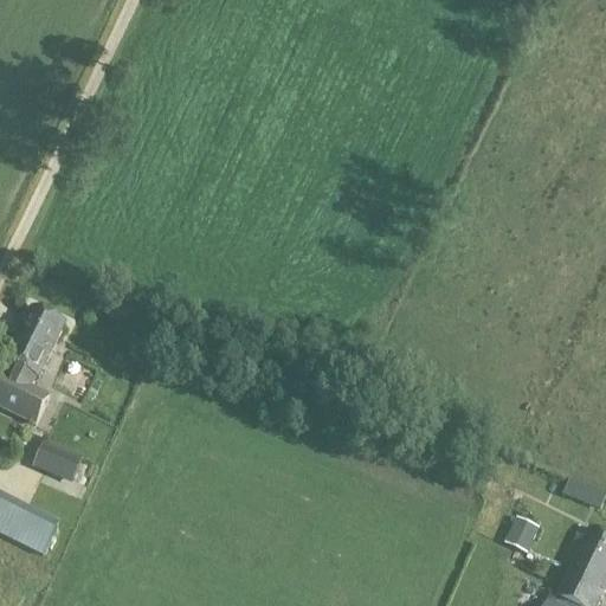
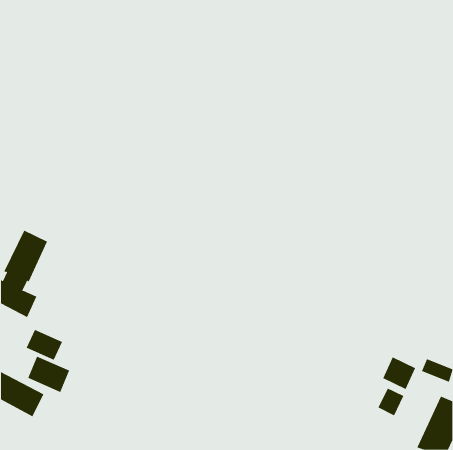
building: none -> [28,356,70,393]
building: none -> [383,357,416,390]

